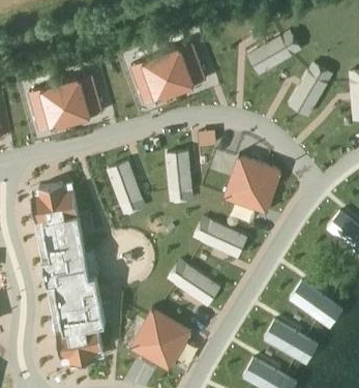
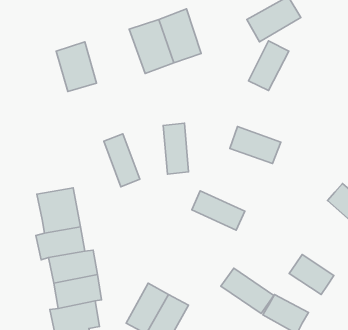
building: [293,66,332,115] -> [248,41,289,90]
building: [30,83,73,131] -> none
building: [225,178,273,213] -> none
building: [31,185,79,223] -> none
building: [168,262,219,306] -> [221,268,274,314]

